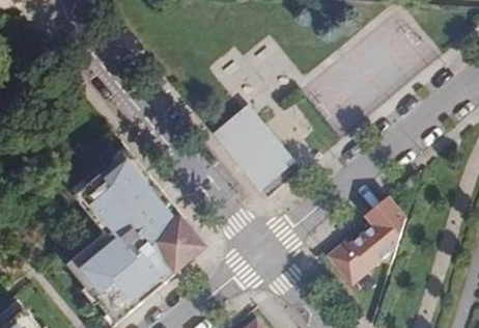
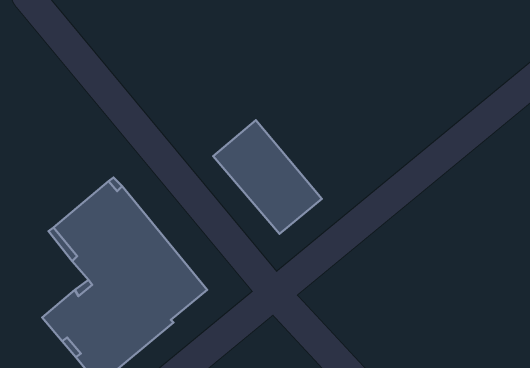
building: [326,197,403,284] -> none

